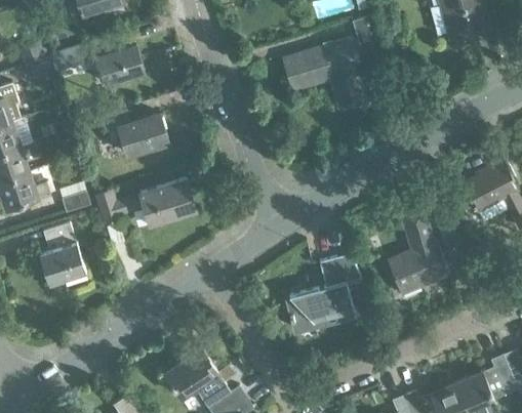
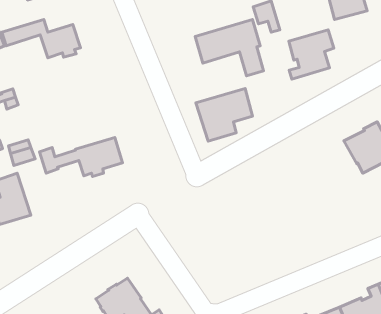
building: none -> [289,30,334,79]
building: [99,110,168,155] -> none
building: none -> [196,89,253,141]
building: [386,208,449,295] -> none
building: [287,253,362,328] -> none

